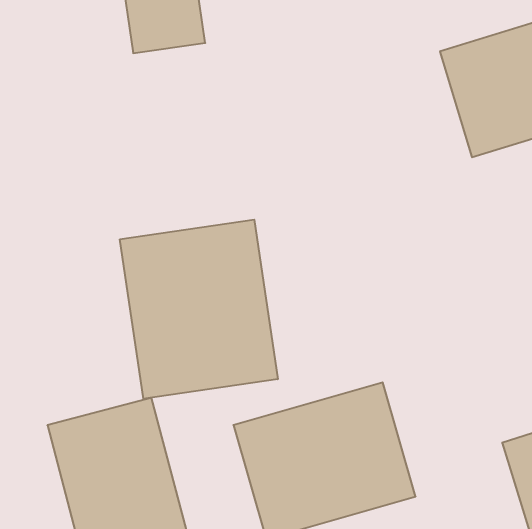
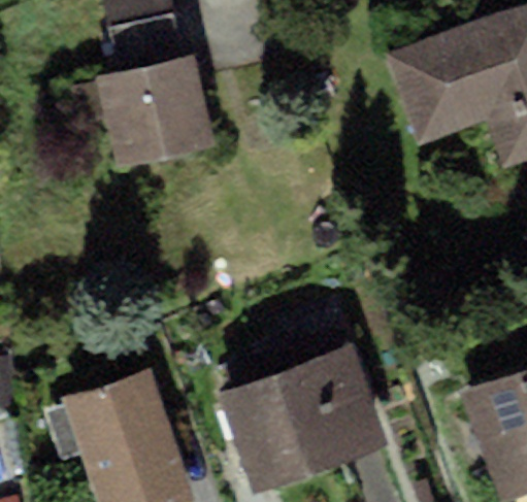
building: none -> [98,58,215,167]
building: [120,220,278,399] -> none

